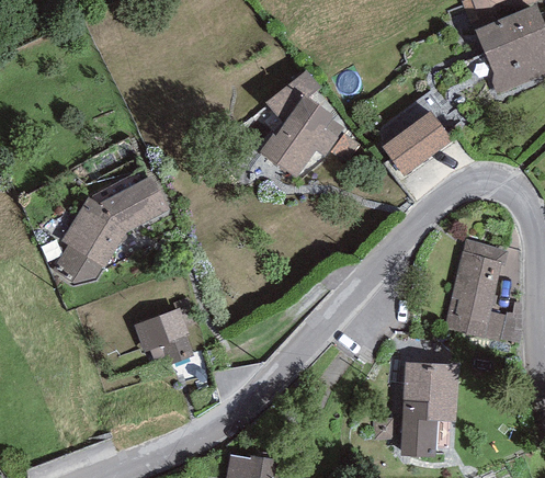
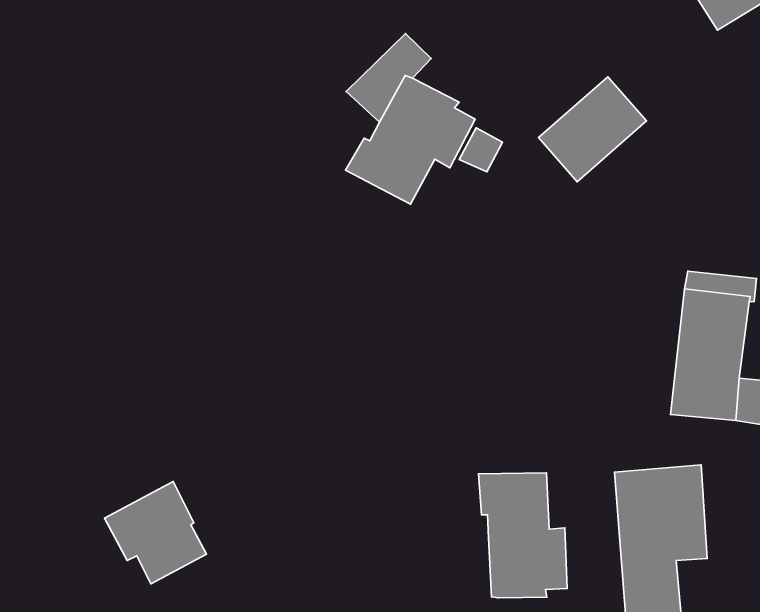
building: [53,174,169,284] -> none
building: [134,307,195,369] -> [104,482,207,584]
building: none -> [478,473,567,598]

